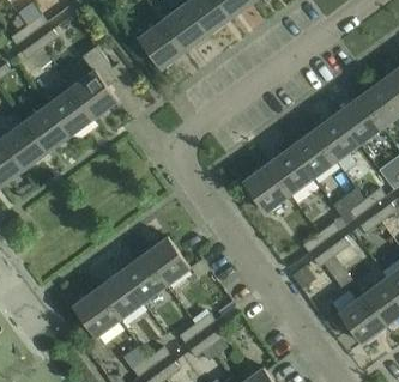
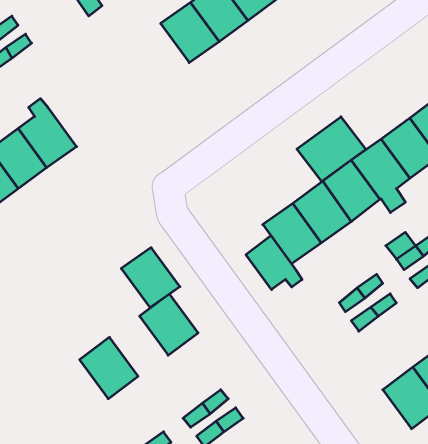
building: [138,20,183,69] -> none
building: [71,46,117,119] -> none
building: none -> [297,117,366,182]
building: none -> [246,236,302,290]
building: [120,254,167,302] -> [121,248,180,308]
building: [73,289,119,336] -> none

